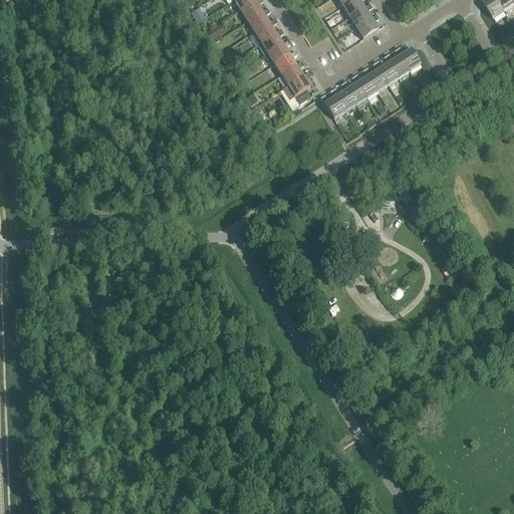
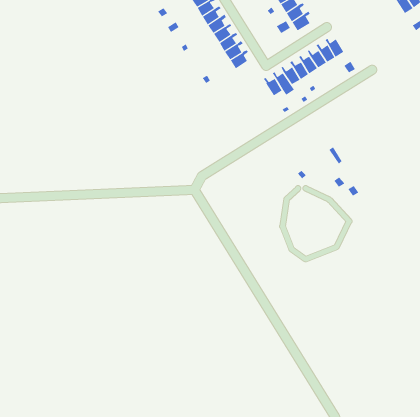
building: [284,70,311,100] -> none

